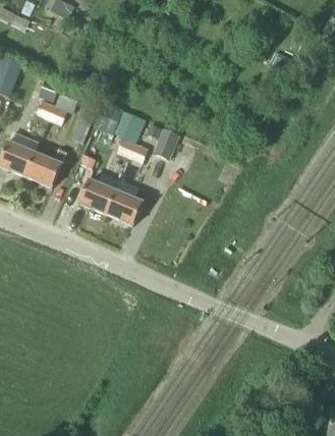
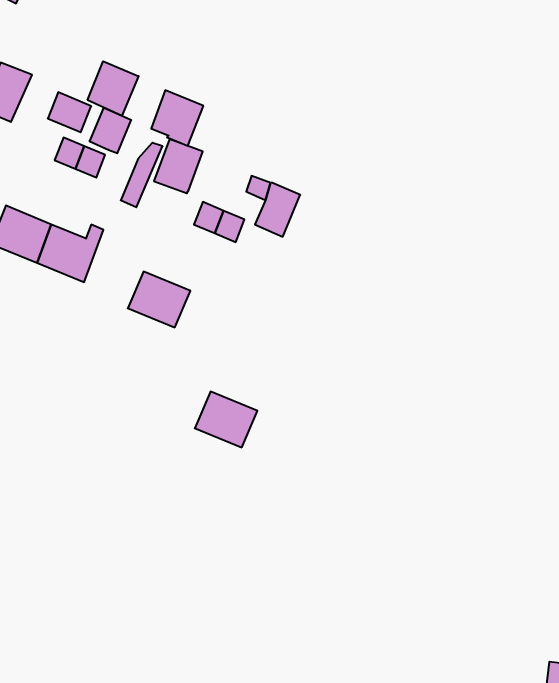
building: none -> [88,61,139,116]
building: [114,109,145,142] -> [151,90,203,146]
building: [106,190,143,223] -> [195,392,257,447]

